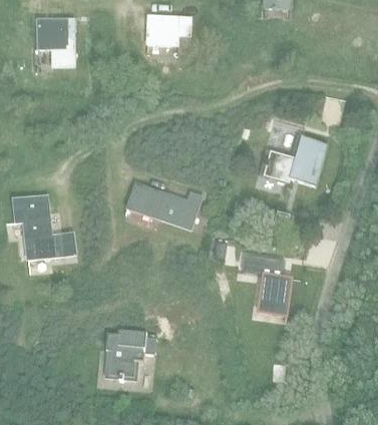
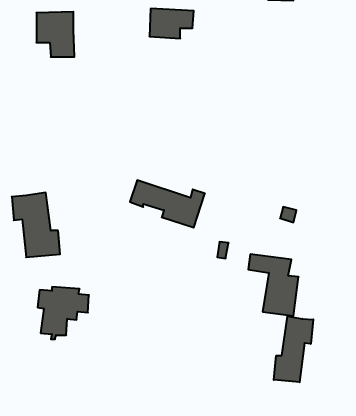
building: [263,136,326,185] -> none
building: none -> [274,316,313,382]
building: [105,330,155,381] -> [38,287,89,339]

